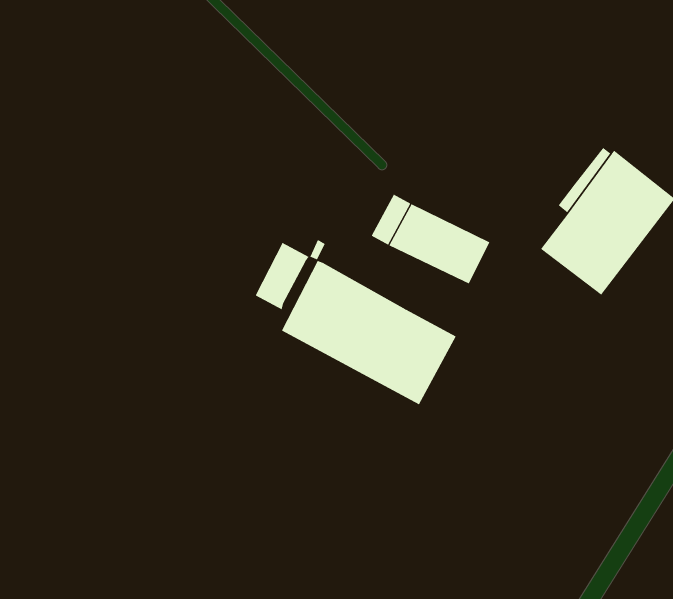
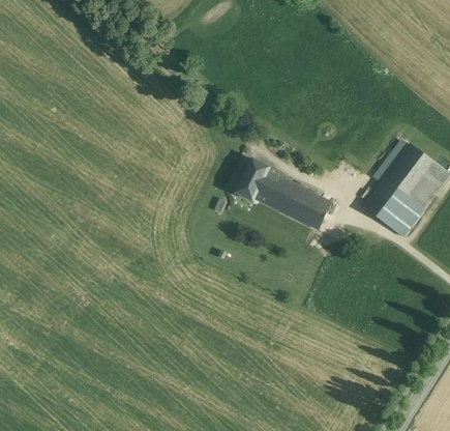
building: [255,242,310,310] -> [235,157,270,201]
building: [281,260,456,405] -> none

